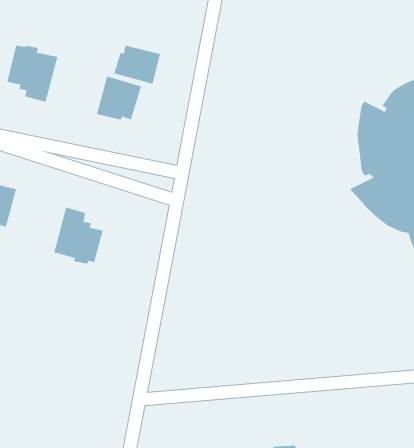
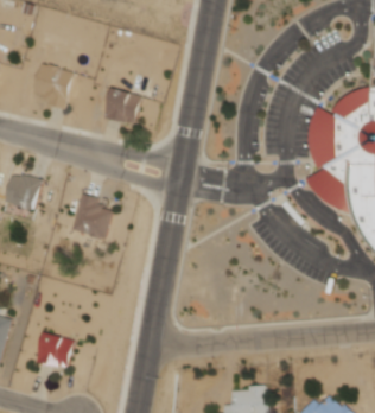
building: [113,45,161,85] -> none
building: none -> [37,332,74,368]

